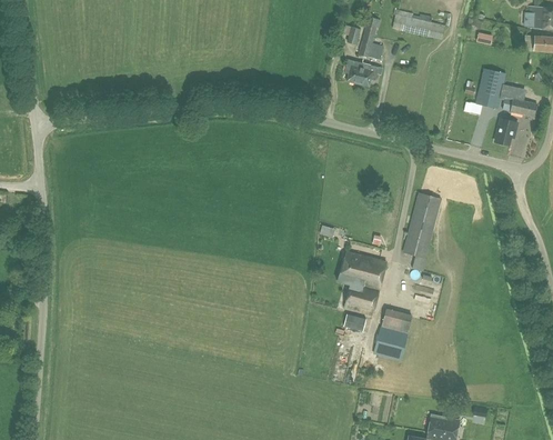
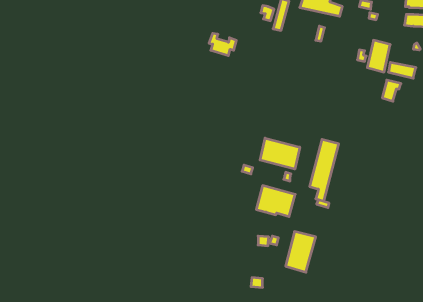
building: [344,60,379,88] -> [209,33,236,56]
building: none -> [260,138,300,169]
building: [344,284,379,314] -> none

